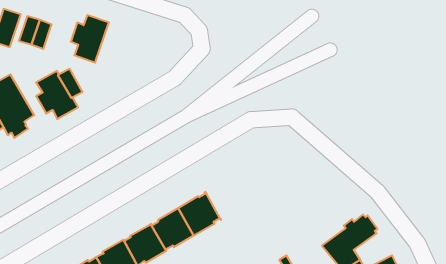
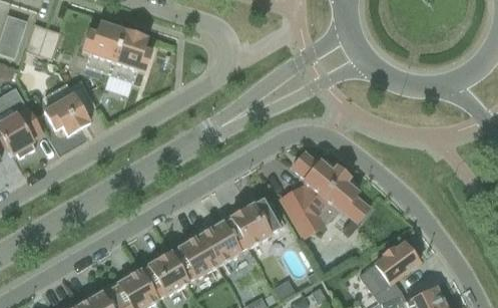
building: none -> [109,30,151,82]
building: none -> [281,152,370,237]
building: none -> [230,201,285,248]

